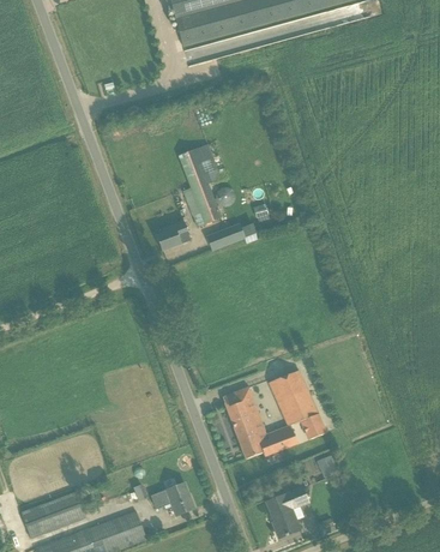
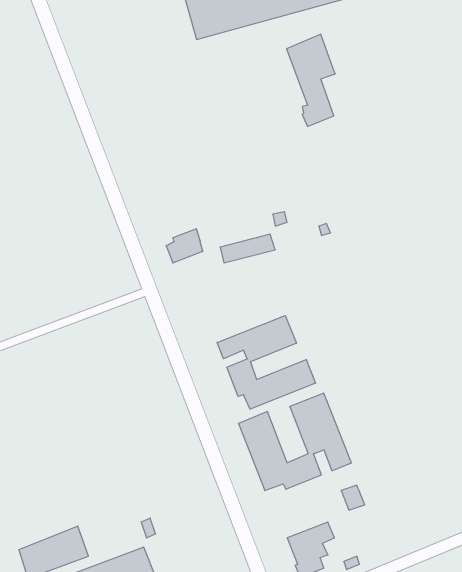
building: [177,143,222,227] -> [287,34,335,126]
building: none -> [217,316,315,409]
building: [150,482,194,516] -> none

